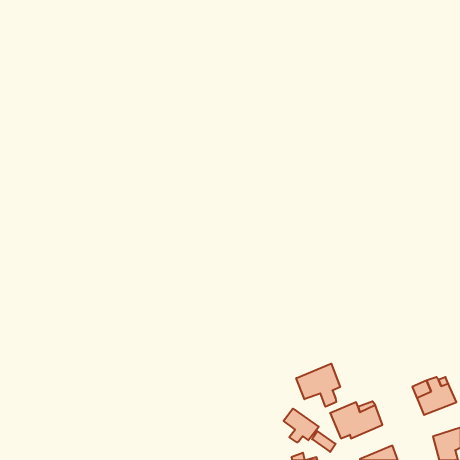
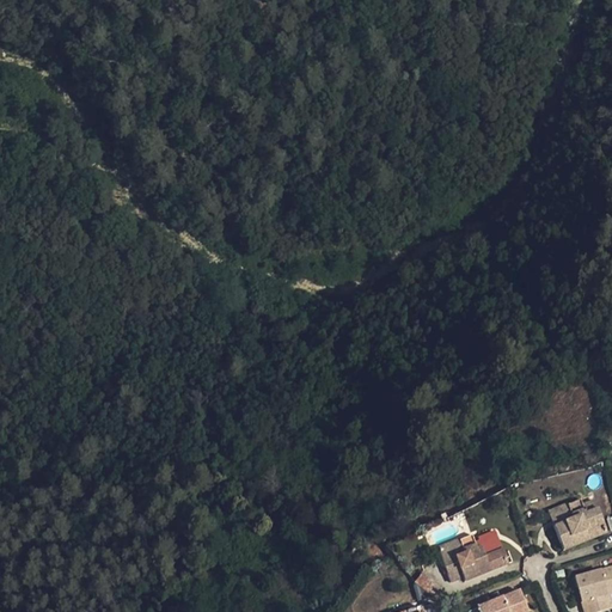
building: [296,364,340,407] -> none
building: [284,409,319,442] -> none

